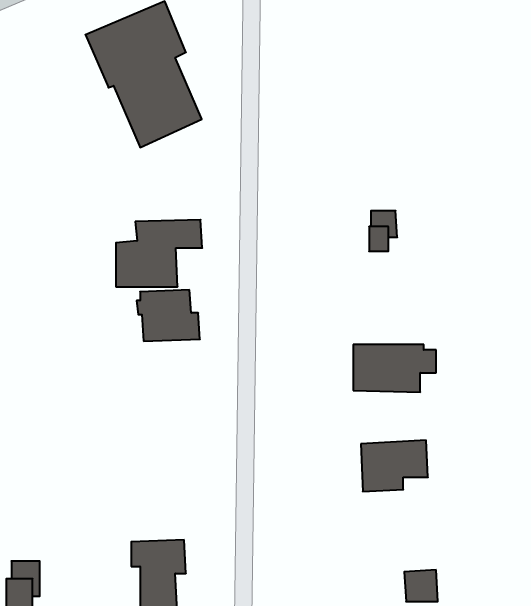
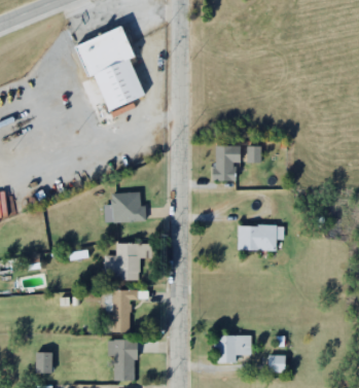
building: none -> [212,144,242,181]
building: [116,220,202,287] -> [105,242,155,281]
building: [361,440,428,491] -> [213,334,252,364]
building: none -> [104,289,138,329]

